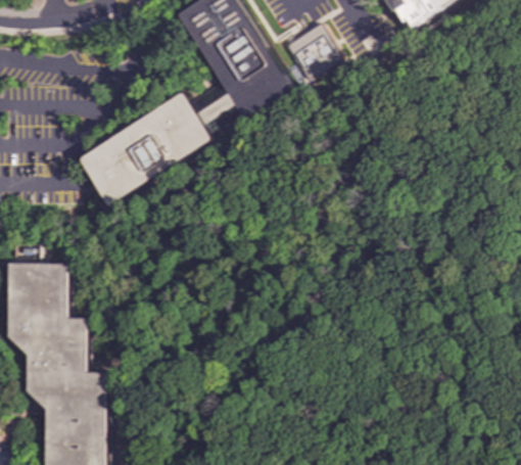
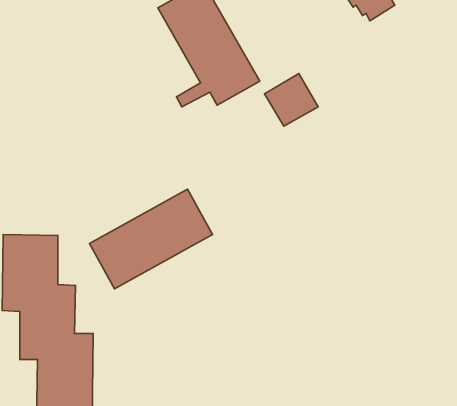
building: [282,21,341,80] -> [265,73,318,126]
building: [79,93,215,203] -> [89,189,213,289]

